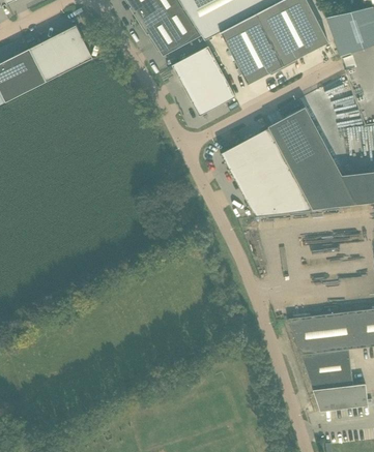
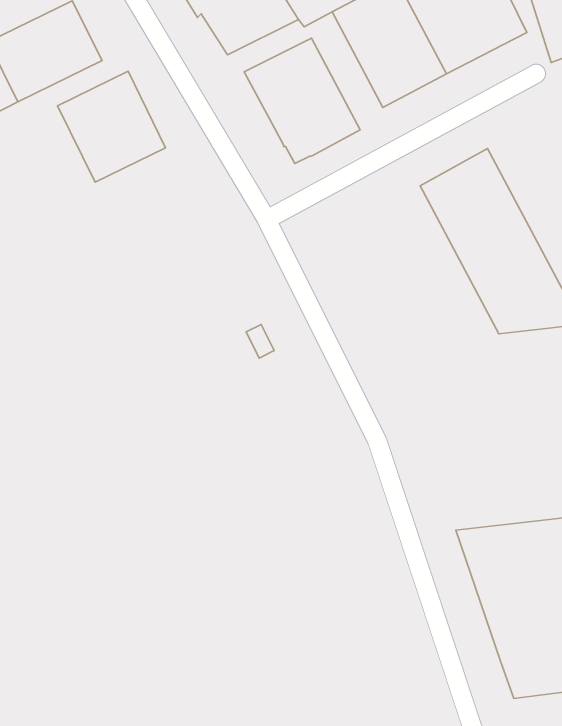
building: none -> [58,71,166,182]
building: [221,127,312,215] -> none

